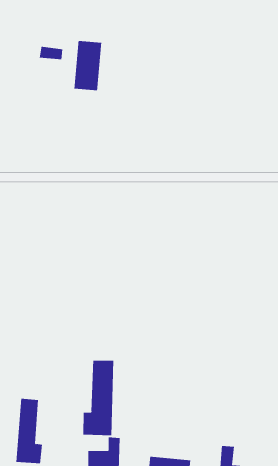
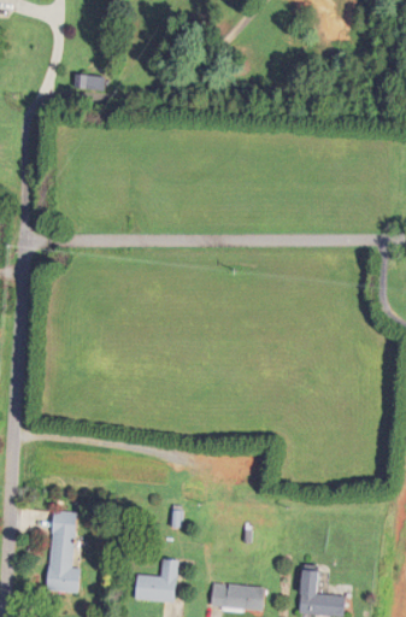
building: [74,40,102,91] -> none
building: [83,360,114,436] -> none

